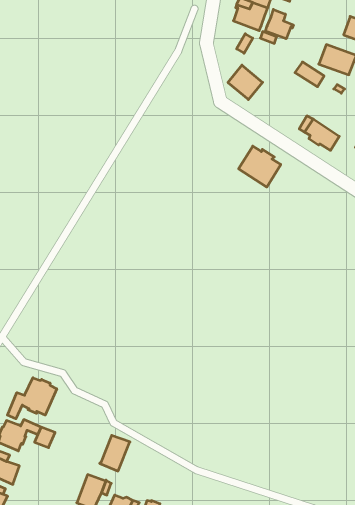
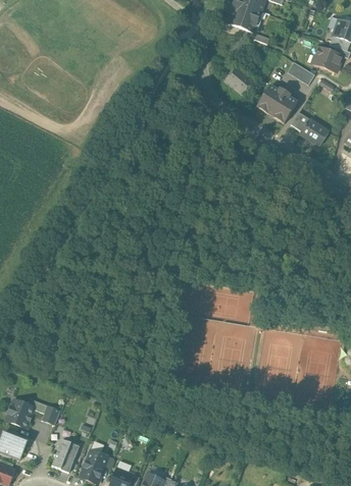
building: [265,9,293,39] -> none
building: [239,146,281,187] -> [257,85,297,123]
building: [7,378,57,419] -> none
building: [100,435,130,471] -> [51,439,80,473]

